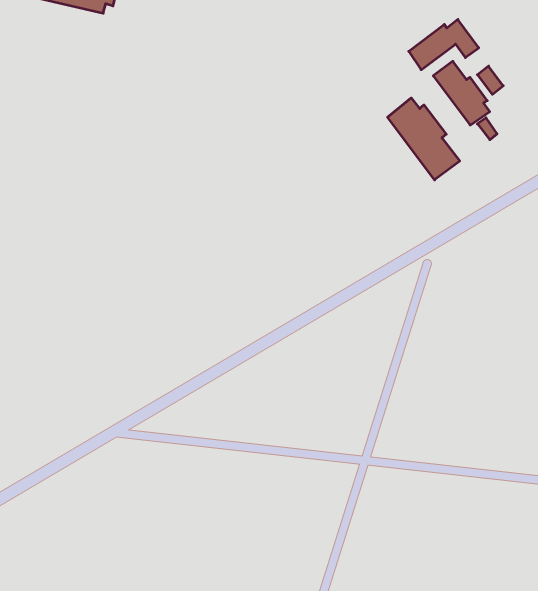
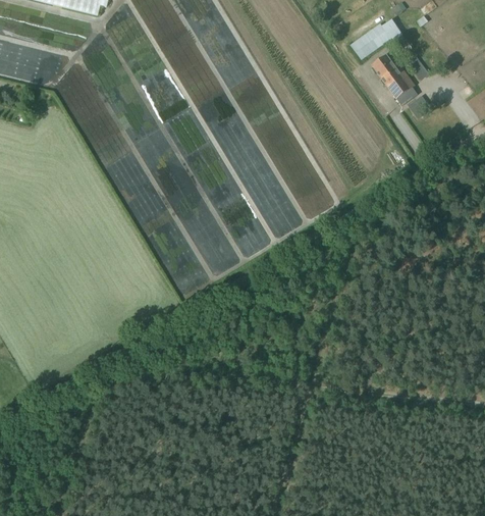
building: [388,98,460,180] -> none

